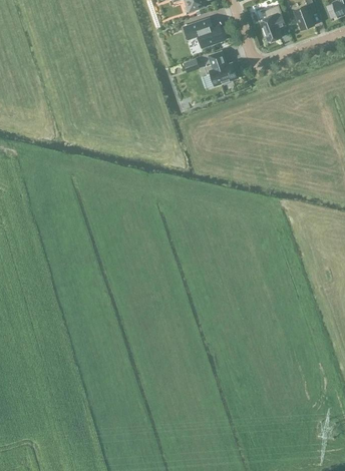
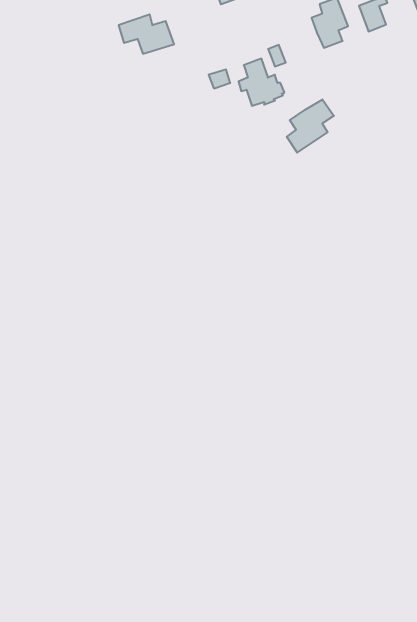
building: [184,18,225,47] -> [119,14,174,54]
building: none -> [287,99,334,153]

